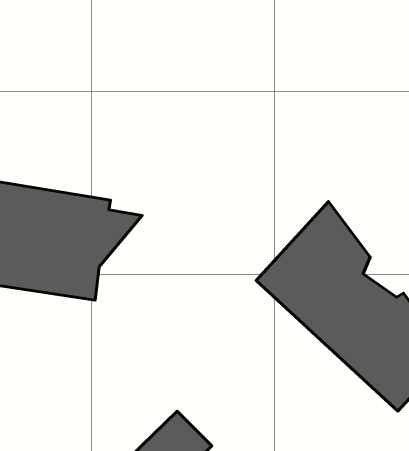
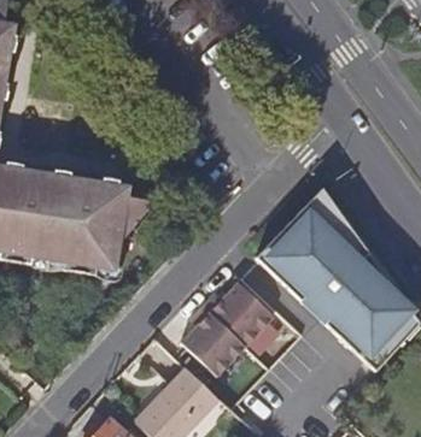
building: none -> [185,276,291,371]

